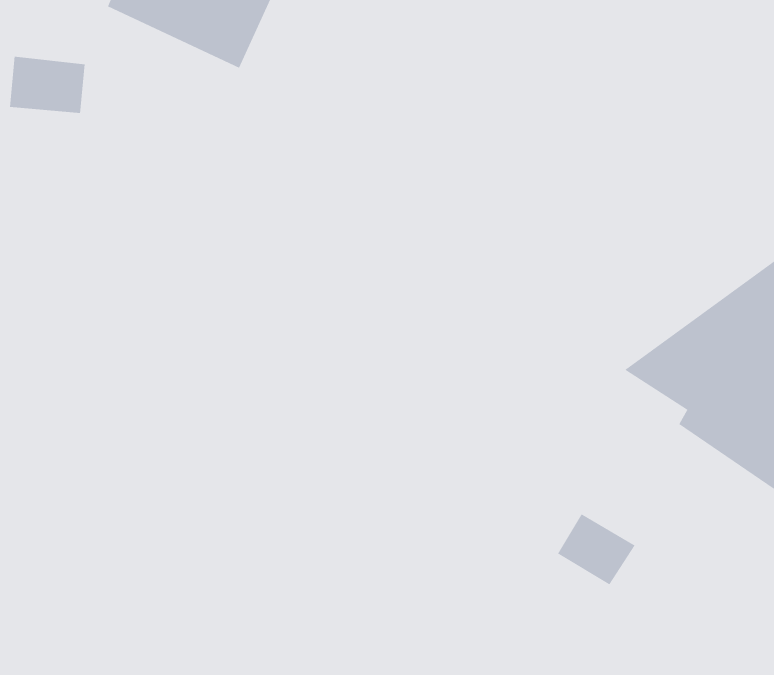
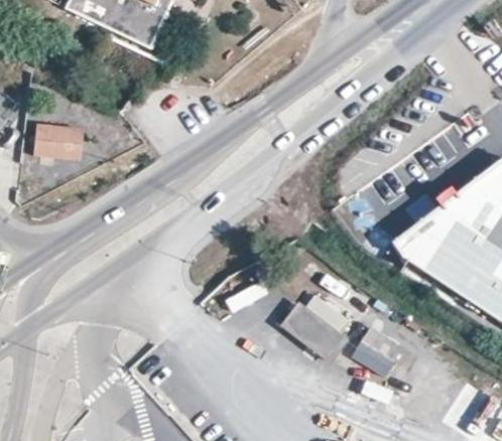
building: [9,56,86,114] -> [33,122,82,158]
building: none -> [290,304,355,360]

